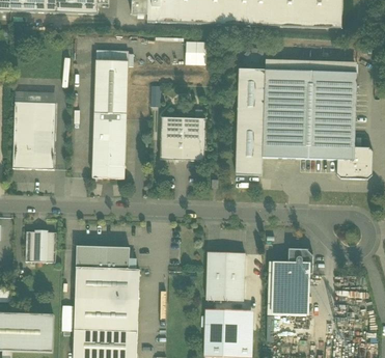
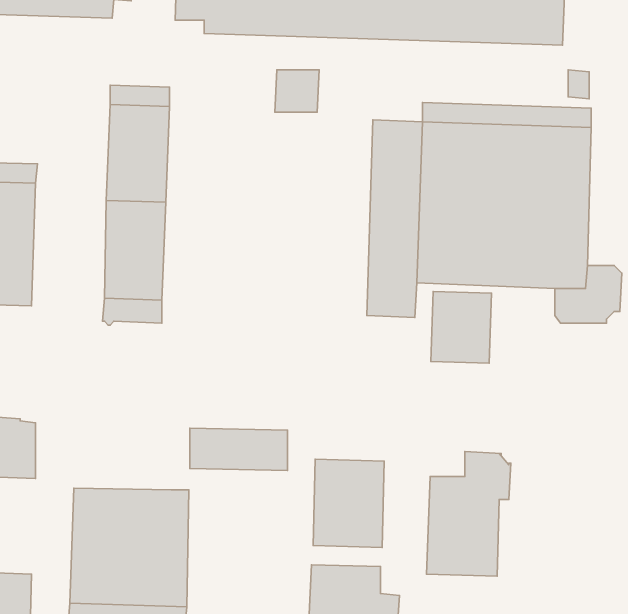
building: [160,116,205,160] -> none
building: none -> [431,291,491,363]
building: [77,245,130,268] -> [190,428,288,470]

